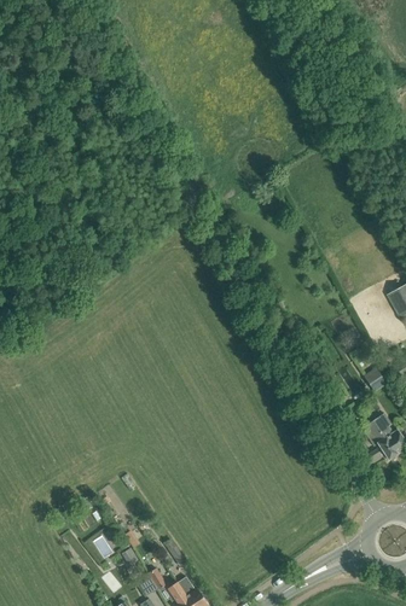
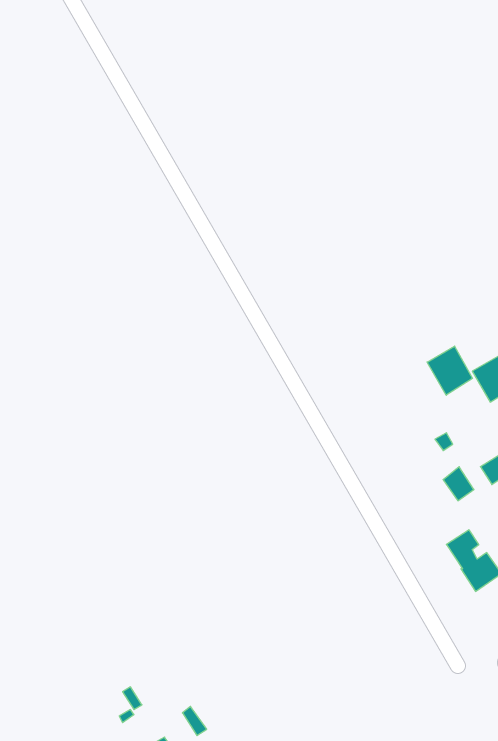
building: none -> [427,346,472,395]

